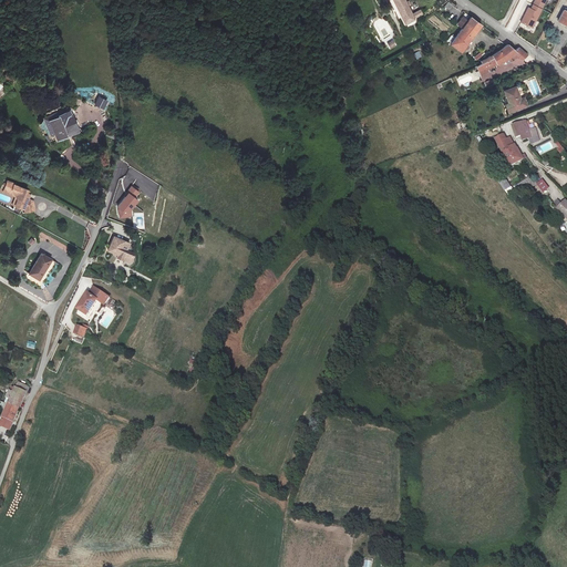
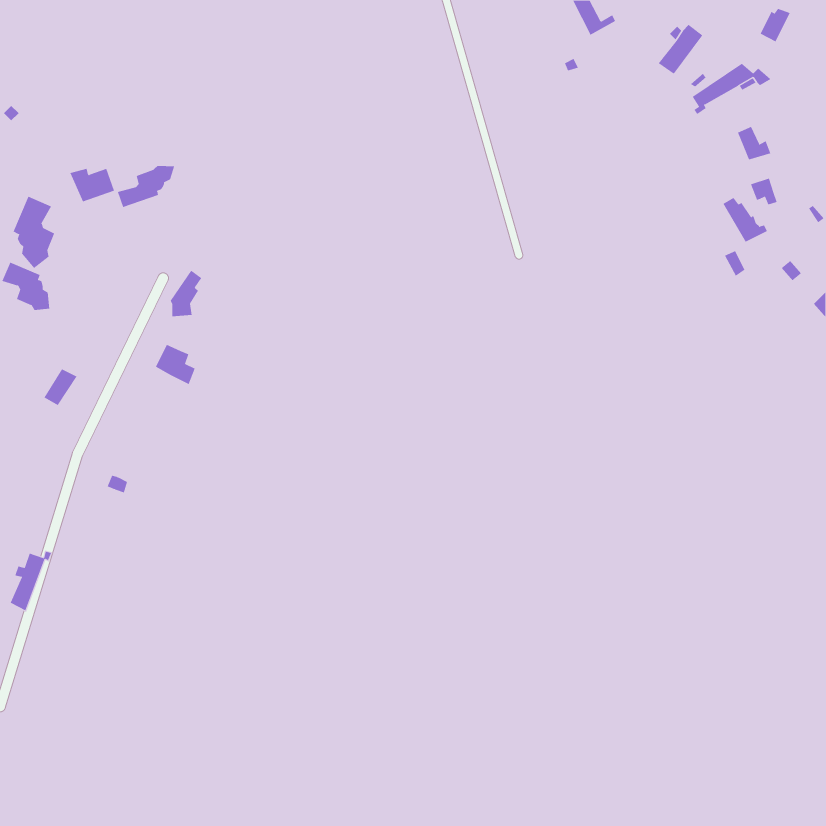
building: none -> [117,165,175,208]
building: none -> [13,196,55,269]
building: [75,287,109,318] -> none

